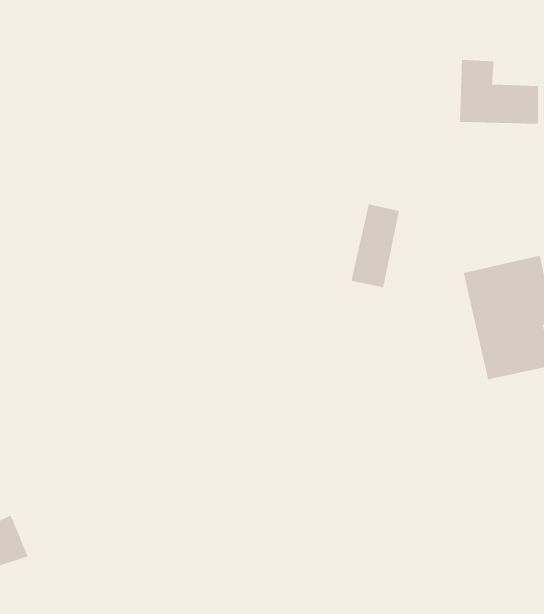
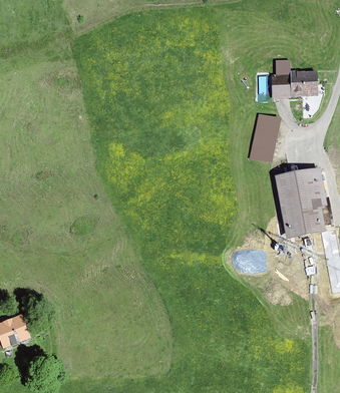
building: [350,204,400,288] -> [250,115,278,163]

